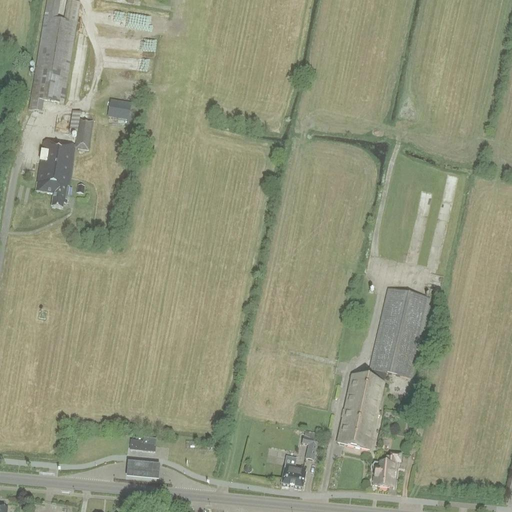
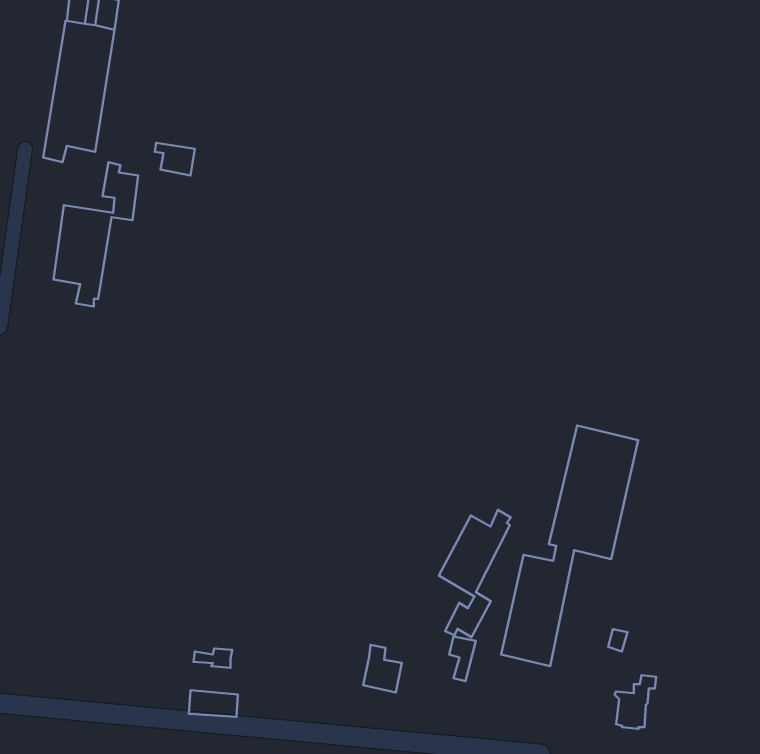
building: none -> [439,510,511,637]
building: [373,450,401,486] -> [615,675,656,729]
building: [281,454,307,486] -> [363,645,402,693]

